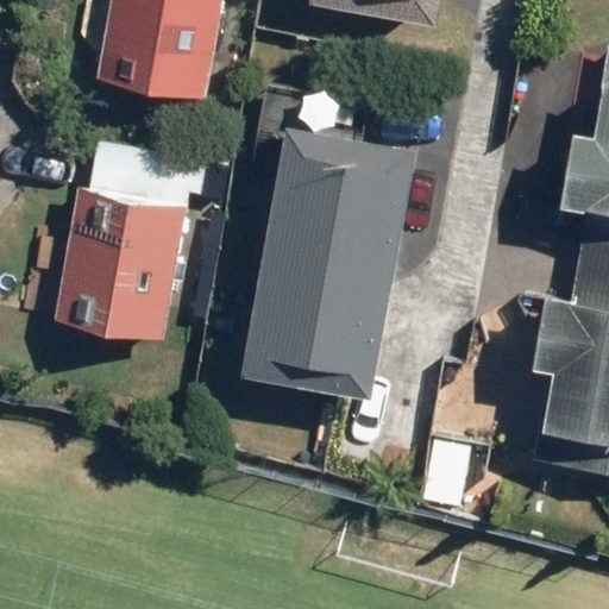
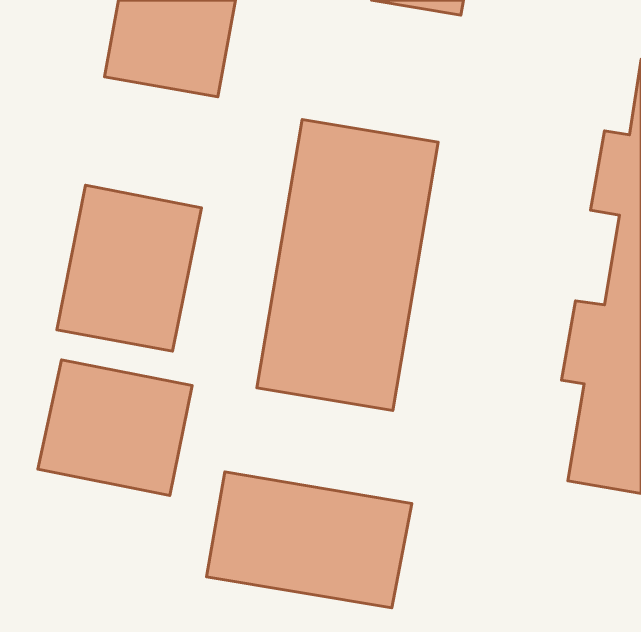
building: none -> [38,360,192,496]
building: none -> [206,472,412,608]

